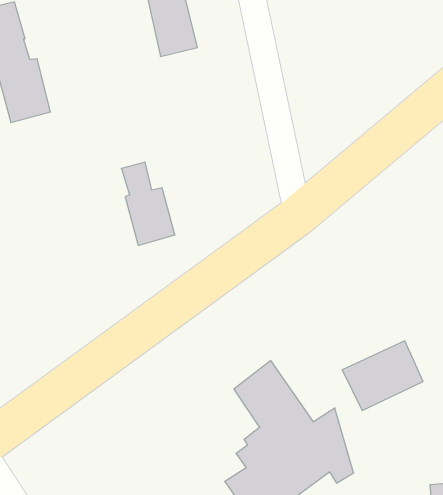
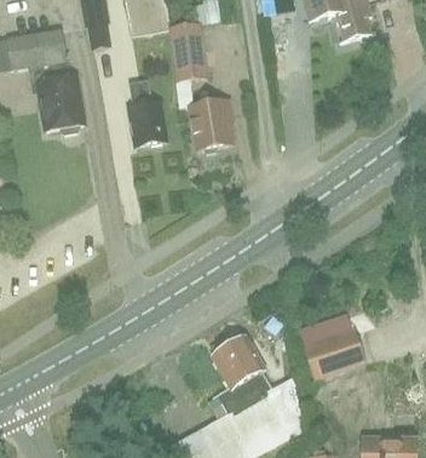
building: none -> [190,98,234,148]
building: [121,162,175,245] -> [127,79,166,145]

